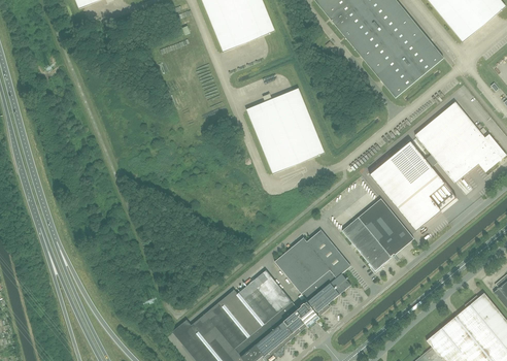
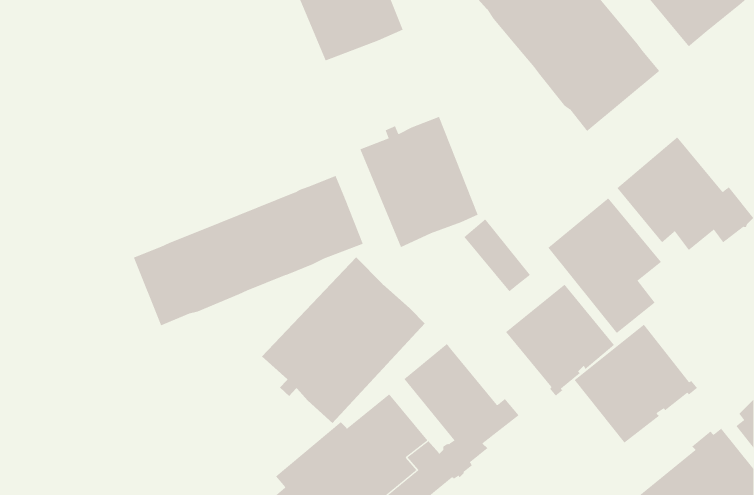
building: none -> [133,175,364,326]
building: none -> [261,256,426,424]
building: none -> [574,324,698,444]
building: [306,228,350,276] -> [464,218,531,292]

